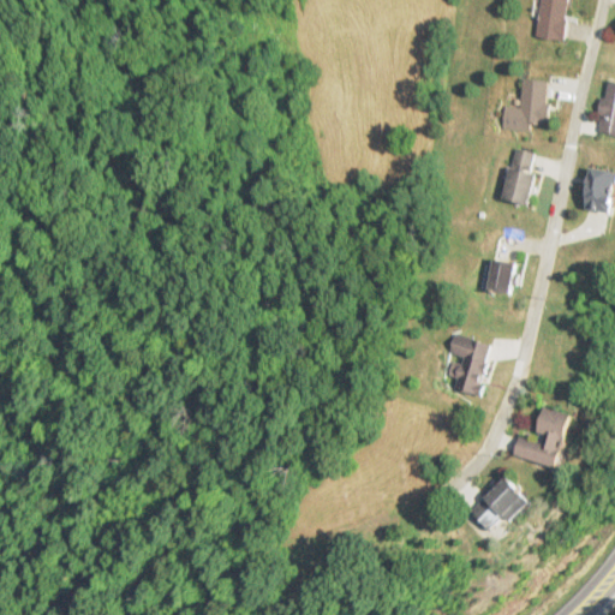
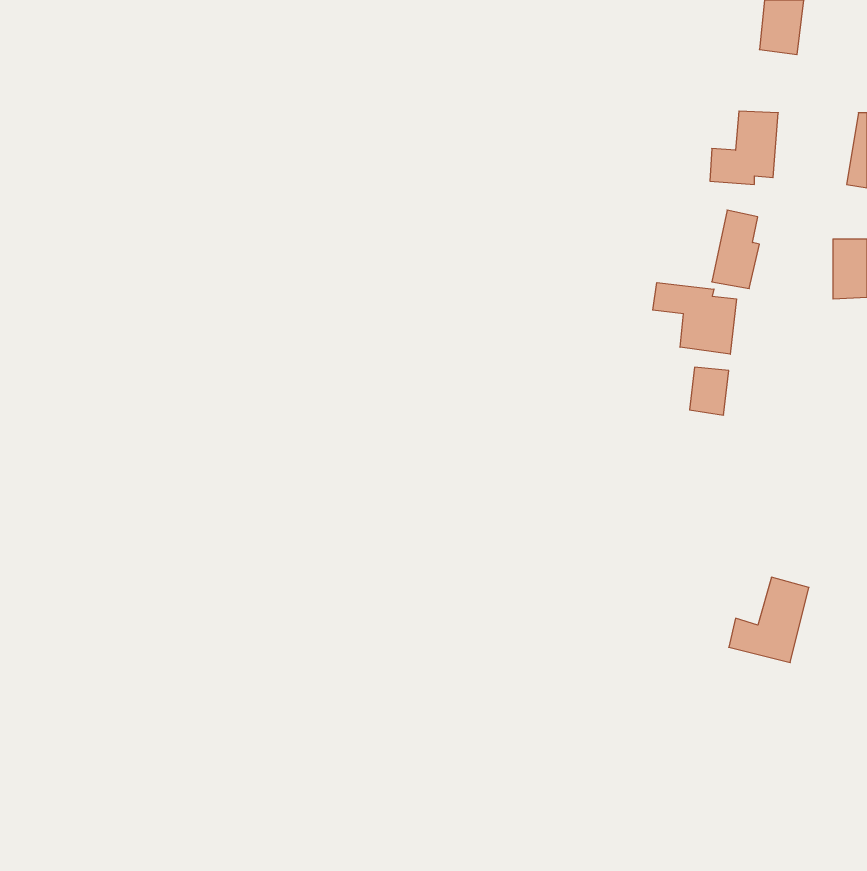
building: none -> [653,283,736,354]
building: [446,333,490,395] -> none
building: [468,477,526,533] -> none

